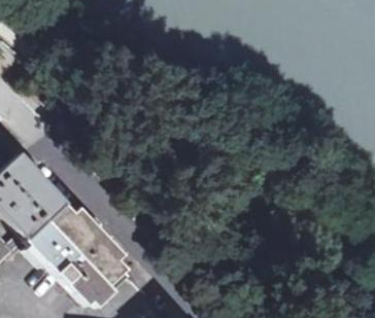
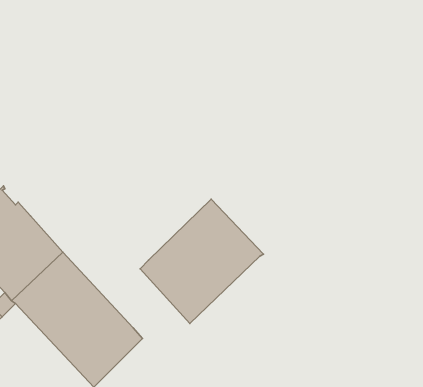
building: none -> [140,199,264,324]

